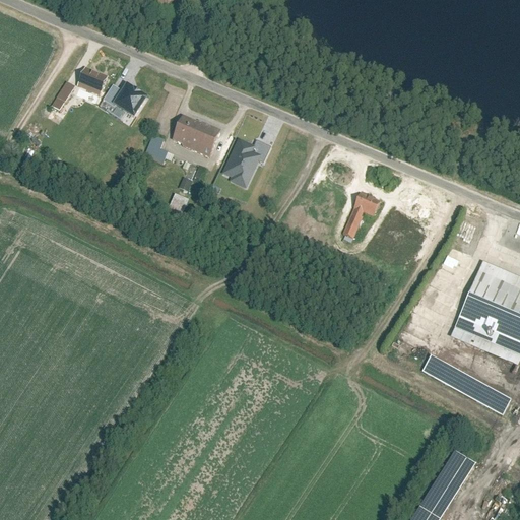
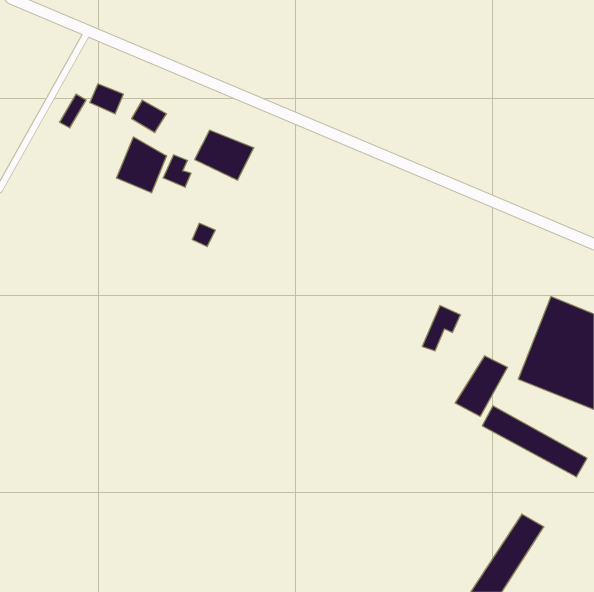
building: none -> [116,137,167,193]
building: [223,141,271,183] -> none
building: [346,193,380,233] -> [422,306,461,351]
building: none -> [455,356,507,416]

